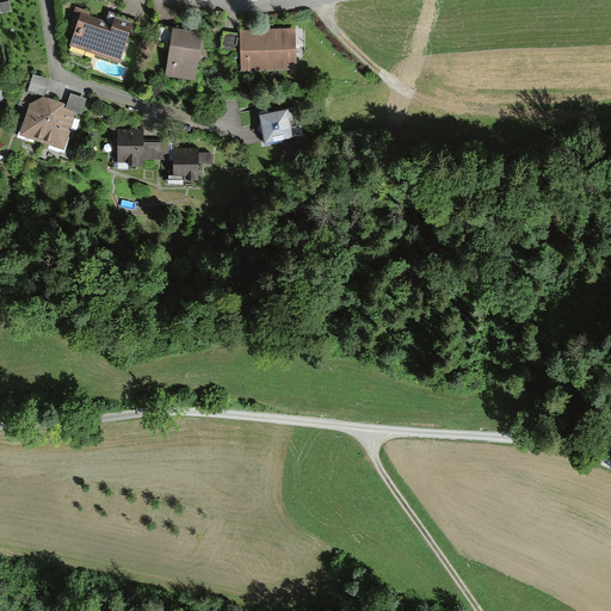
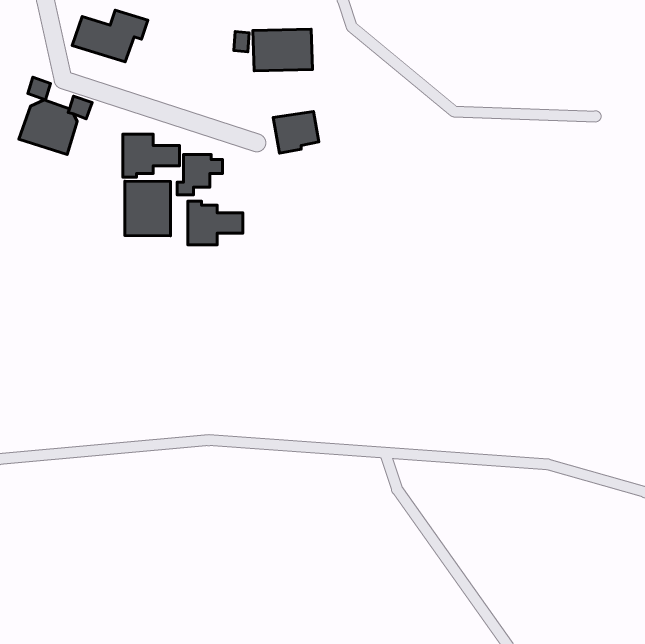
building: [155,26,200,79] -> none
building: none -> [125,181,170,236]
building: none -> [188,201,243,245]

